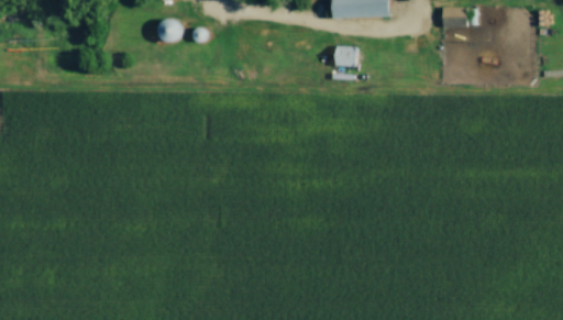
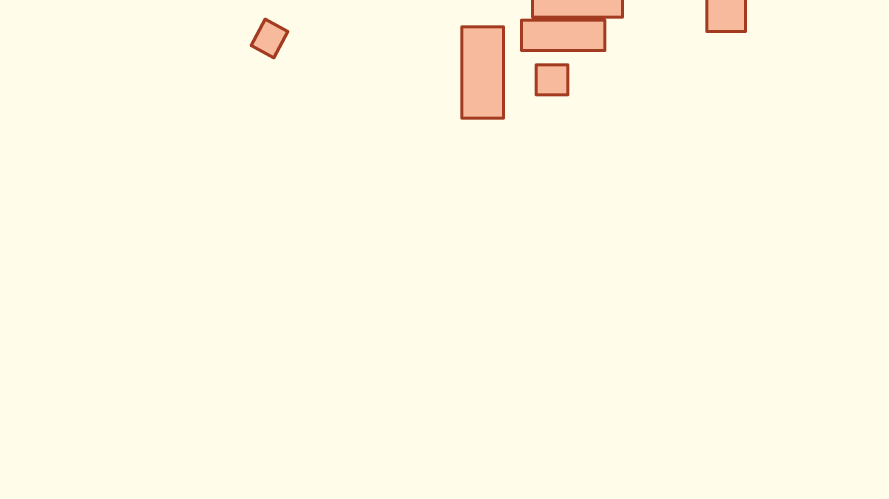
building: none -> [522,20,605,51]
building: none -> [462,27,504,118]

